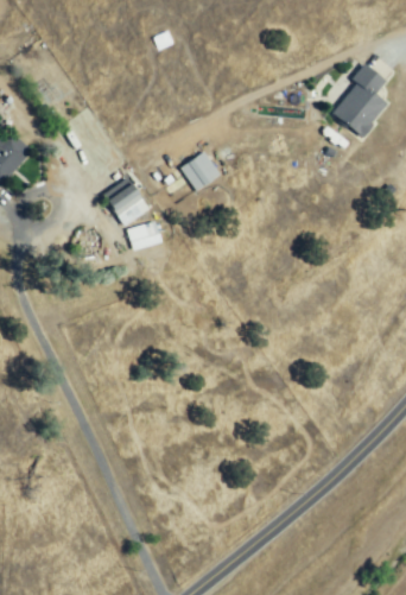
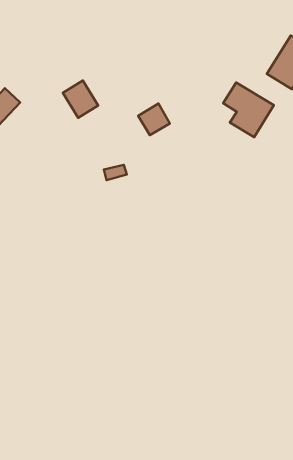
building: none -> [223,83,274,137]
building: [107,178,151,224] -> [63,80,98,118]

